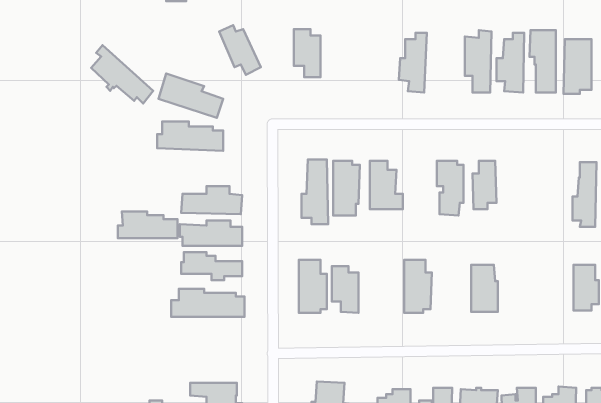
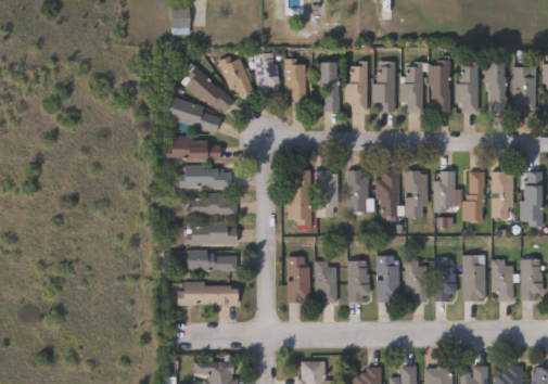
building: none -> [252,51,280,95]
building: none -> [345,61,368,112]
building: none -> [317,62,341,113]
building: none -> [400,62,429,113]
building: [91,45,153,103] -> [181,63,234,113]
building: none -> [375,170,400,222]
building: none -> [462,172,486,222]
building: none -> [492,172,514,219]
building: [118,211,177,238] -> [180,166,231,189]
building: none -> [463,256,486,300]
building: none -> [406,260,432,299]
building: none -> [492,260,514,302]
building: none -> [347,261,371,302]

